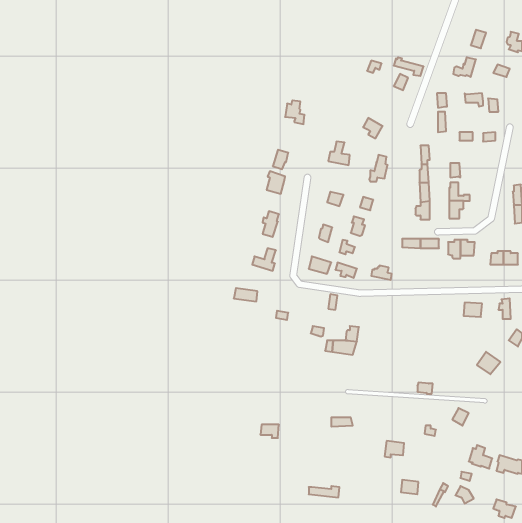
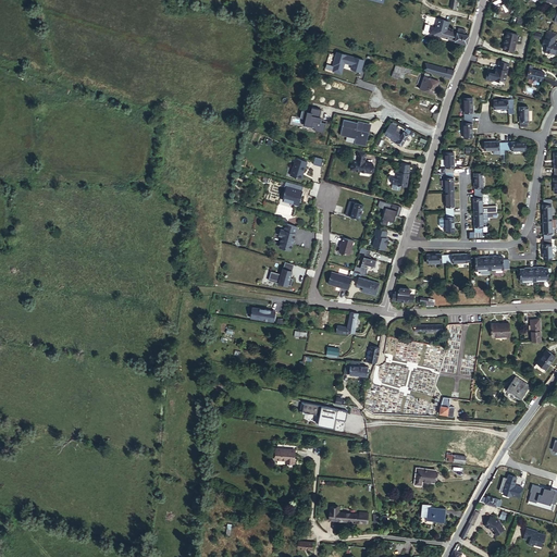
building: none -> [423,17,463,42]
building: none -> [322,50,362,74]
building: none -> [337,119,369,145]
building: none -> [305,405,349,429]

